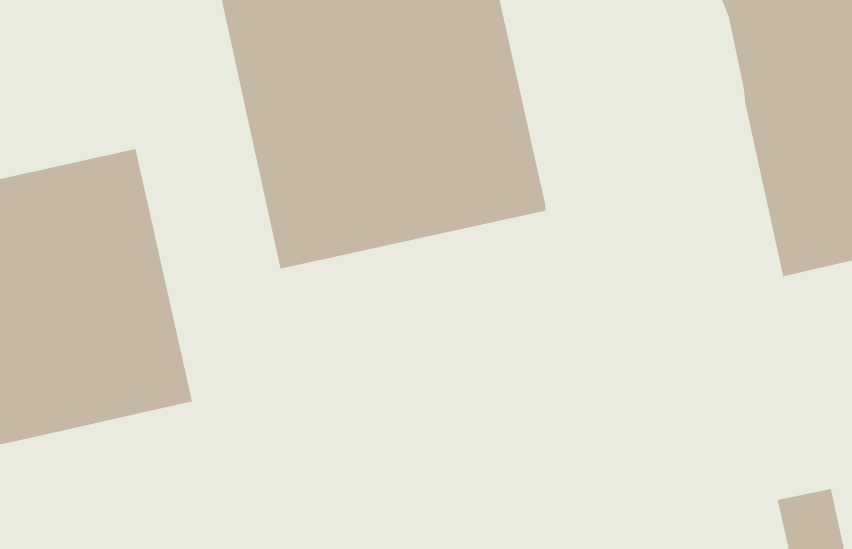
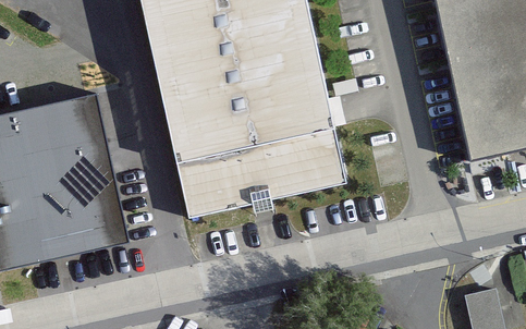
building: none -> [179,131,344,217]

